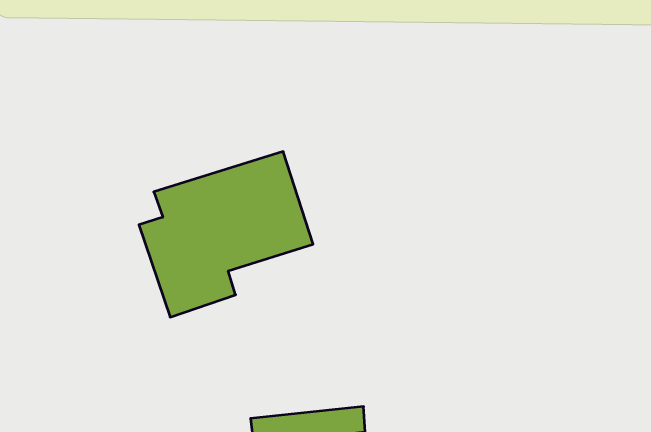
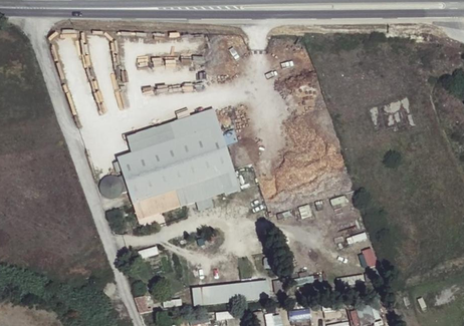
building: none -> [178,171,240,205]

